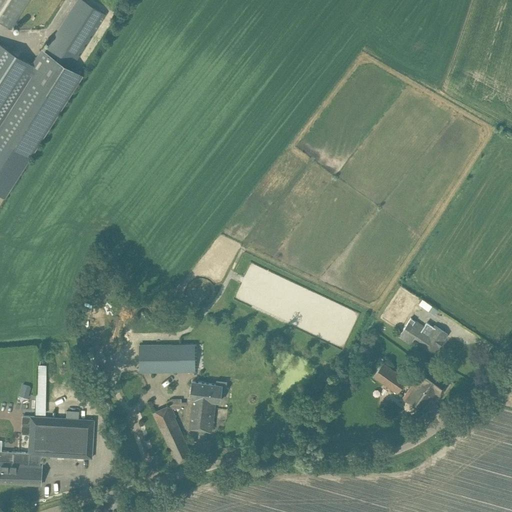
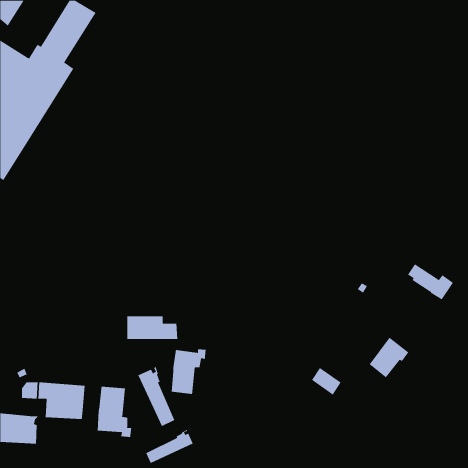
building: [396,314,447,354] -> [407,264,454,300]
building: [373,363,406,394] -> [311,367,341,395]
building: none -> [97,386,132,438]
building: none -> [145,429,194,464]

